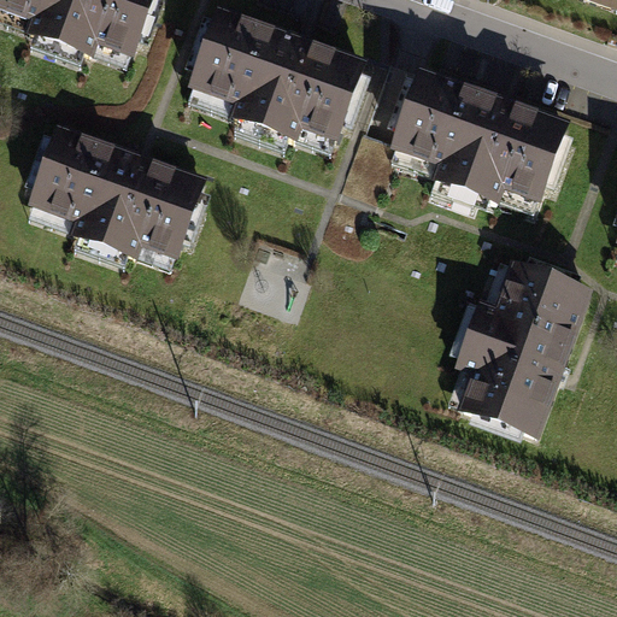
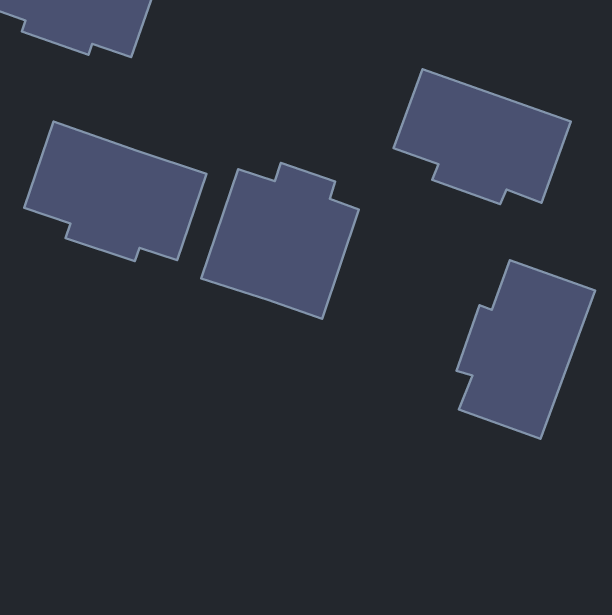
building: [187,7,364,140] -> none
building: none -> [201,163,359,319]

